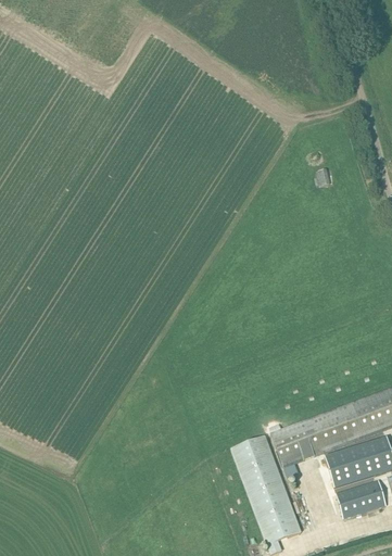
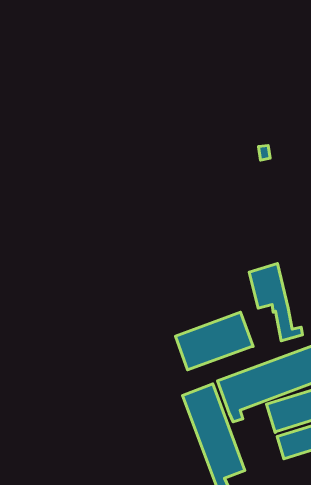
building: none -> [249,263,302,341]
building: none -> [175,312,253,370]

